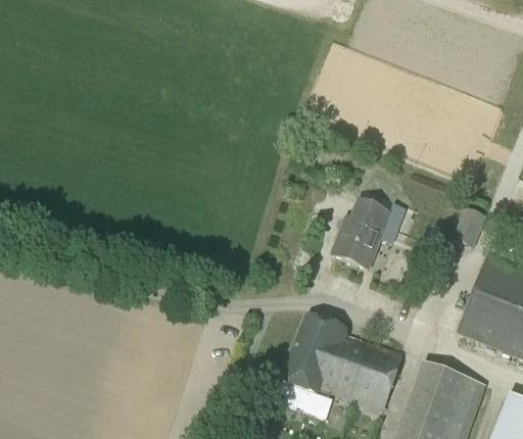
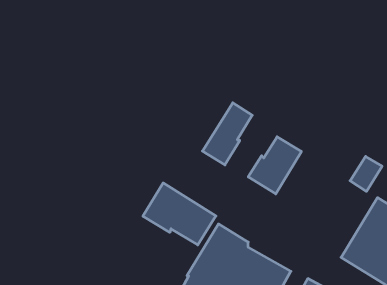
building: none -> [202,103,252,165]
building: none -> [143,183,216,245]

